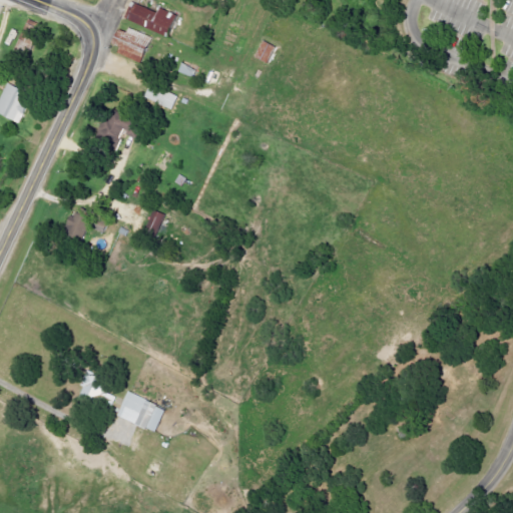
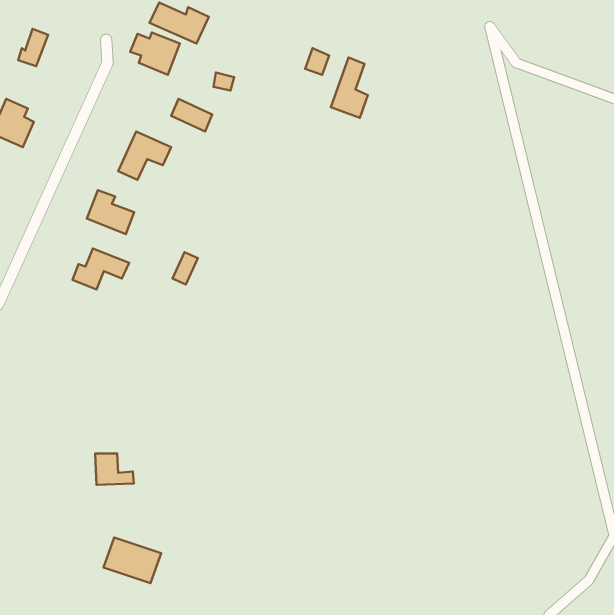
building: none -> [331,58,368,118]
building: none -> [87,190,134,234]
building: [115,392,163,430] -> [103,537,161,583]

